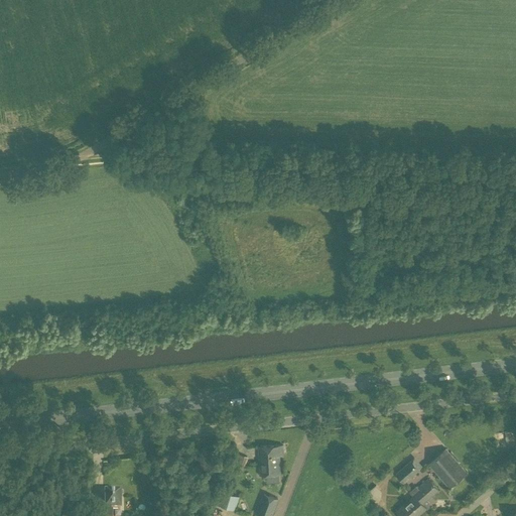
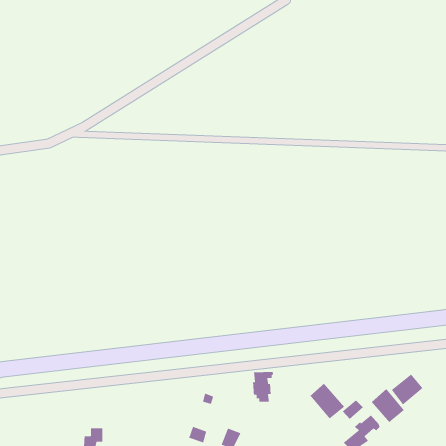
building: none -> [391,373,424,405]
building: none -> [309,383,345,420]
building: [258,446,283,483] -> [252,371,274,403]

